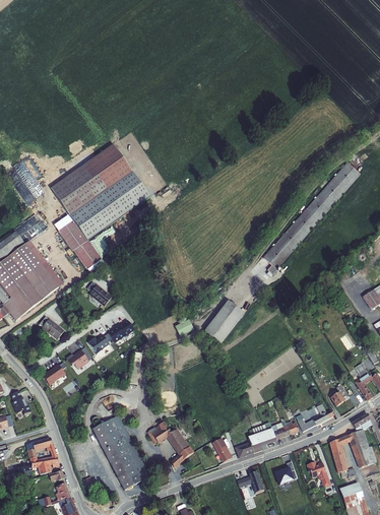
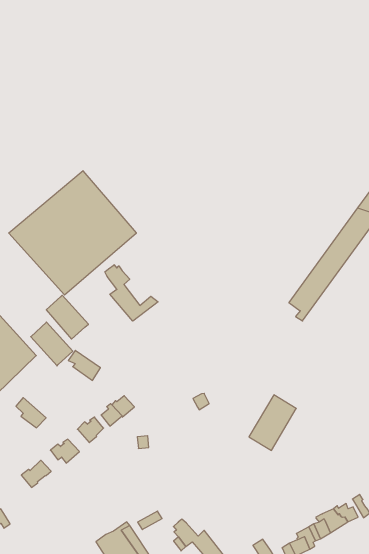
building: [54,214,85,249] -> [31,322,73,366]
building: none -> [105,265,158,321]
building: [204,301,243,343] -> [249,395,296,450]

